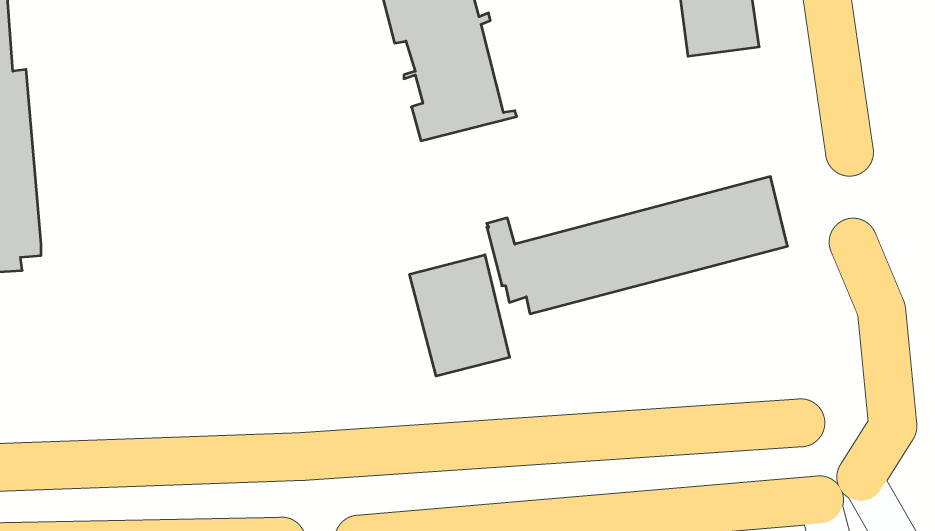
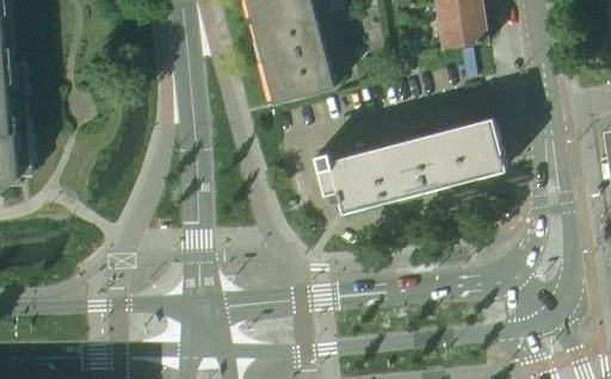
building: [410,255,510,376] -> none

